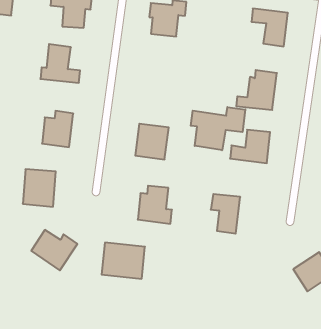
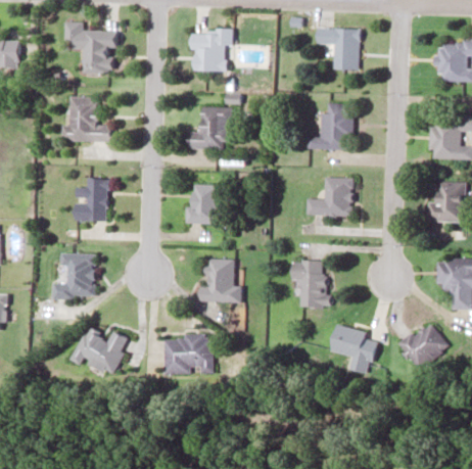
building: none -> [187,107,230,150]
building: [191,107,245,150] -> none
building: none -> [328,324,377,371]

